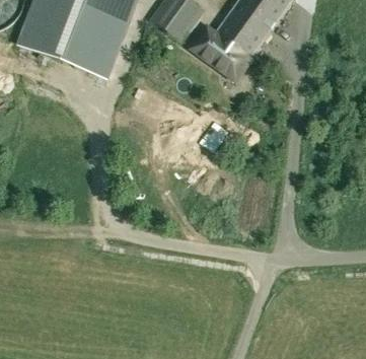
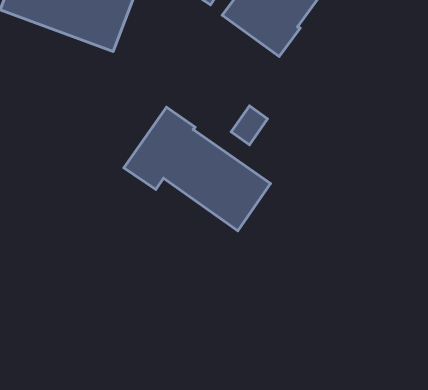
building: none -> [124,107,271,231]

